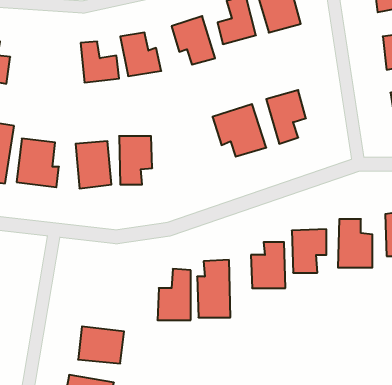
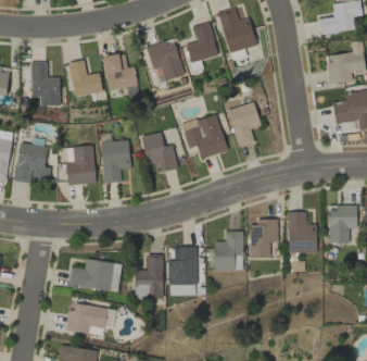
building: none -> [30,62,61,107]
building: none -> [141,133,177,172]
building: none -> [68,260,119,291]

